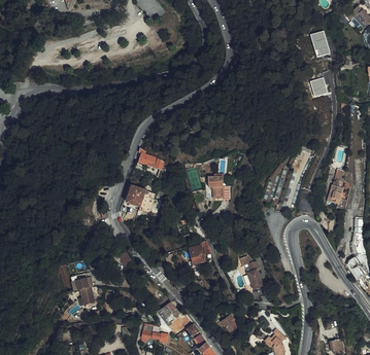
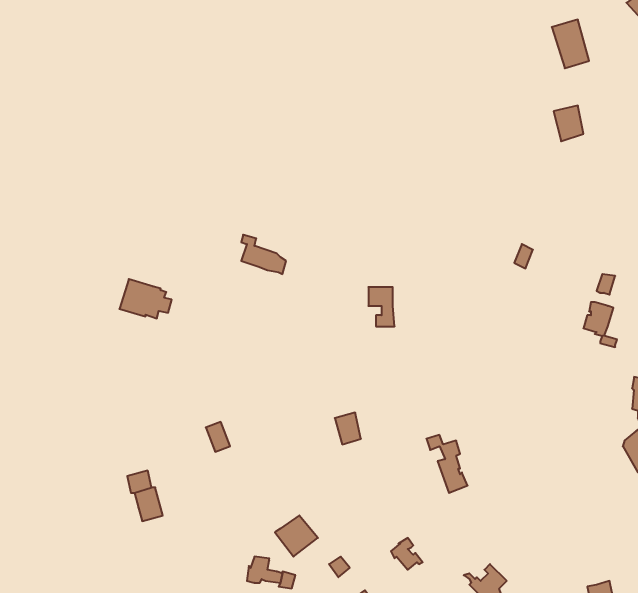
building: [126,185,155,207] -> [119,279,172,318]

